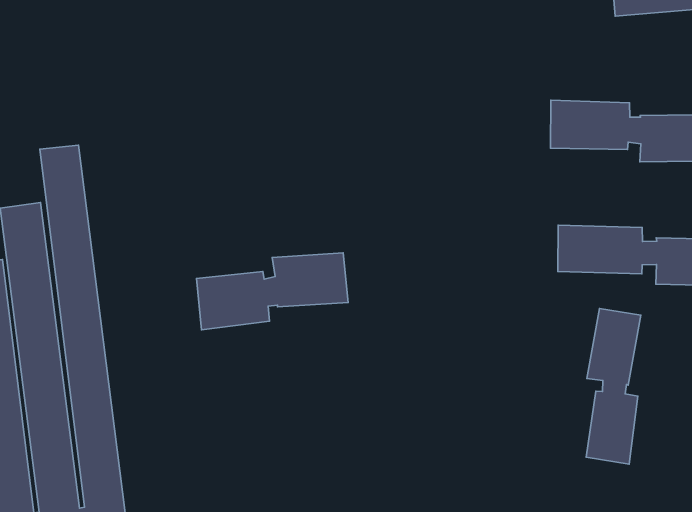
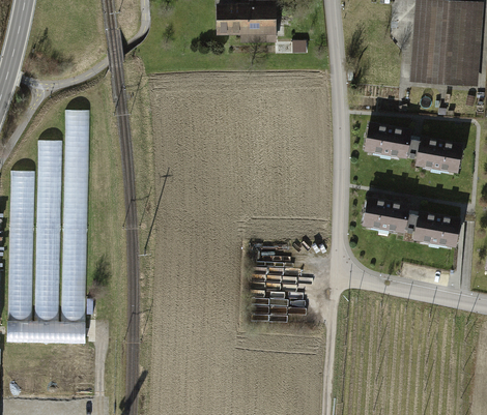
building: [197,253,348,330] -> none
building: [586,309,641,464] -> none

